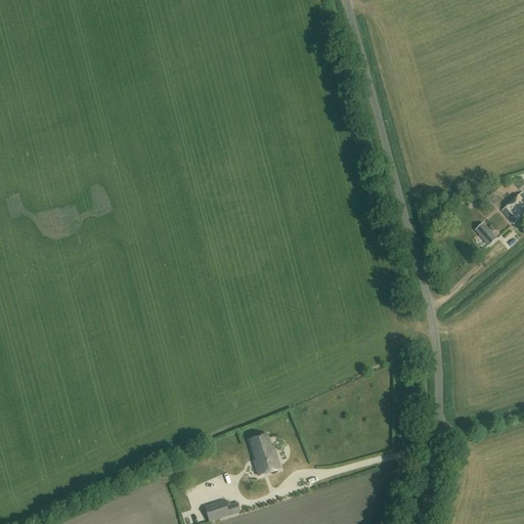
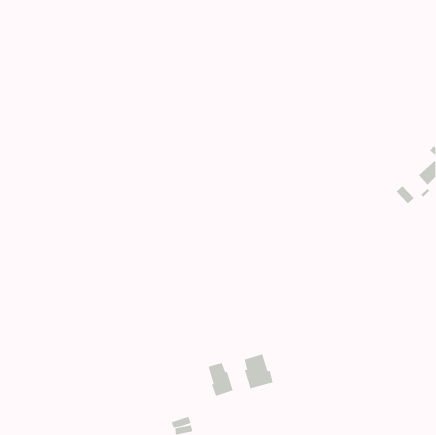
building: none -> [244,353,273,389]

